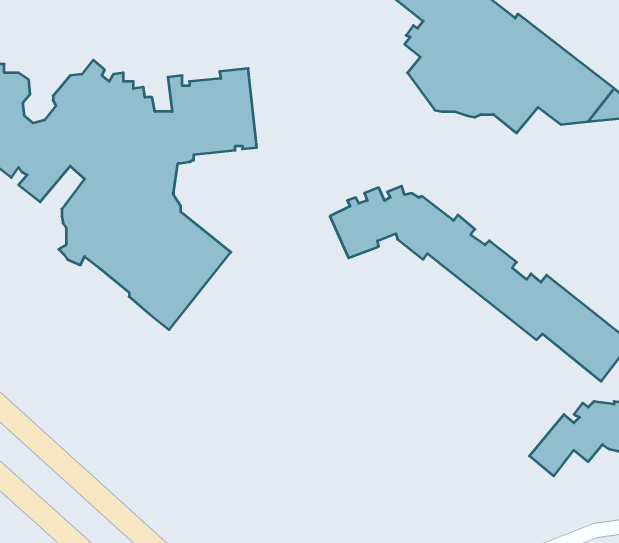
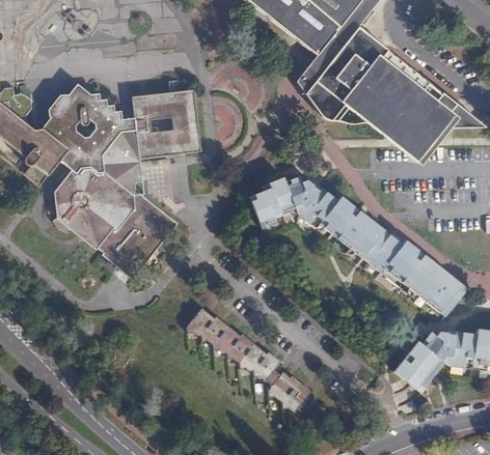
building: none -> [384,117,436,159]
building: none -> [188,309,281,380]
building: none -> [269,371,314,410]

